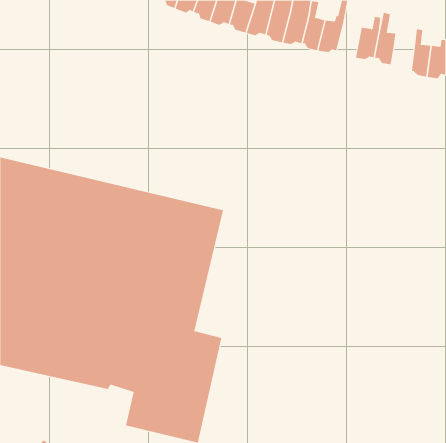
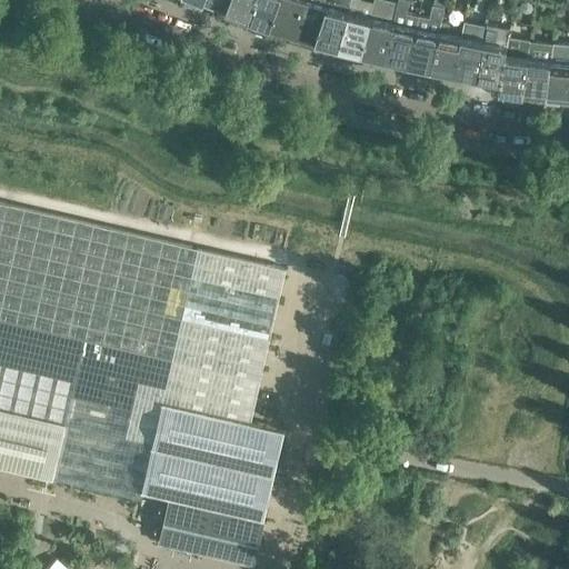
building: none -> [428,27,459,79]
building: none -> [497,48,527,99]

